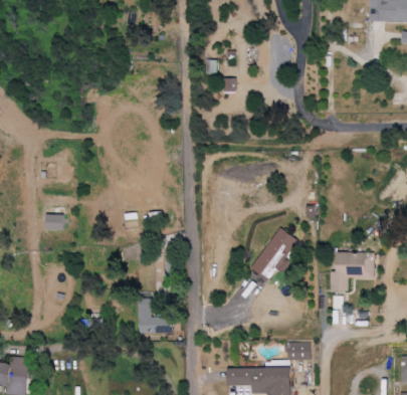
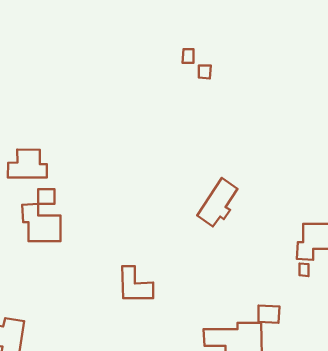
building: none -> [8,150,47,178]
building: [252,227,296,280] -> [197,178,238,226]
building: none -> [22,204,60,241]

